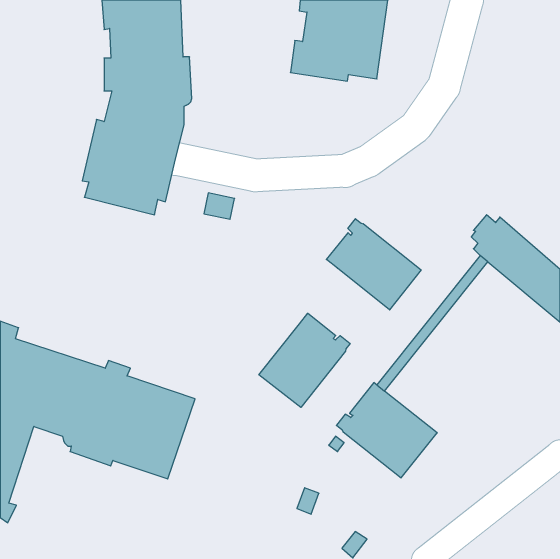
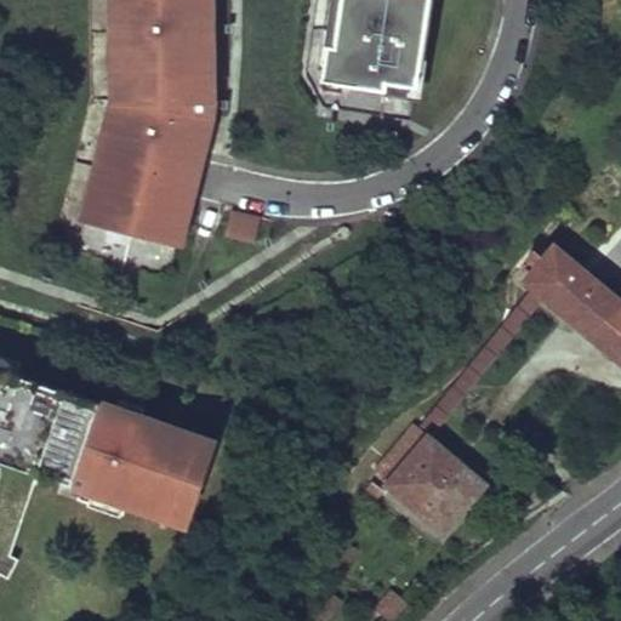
building: [326,219,421,310] -> none
building: [259,313,350,407] -> none

